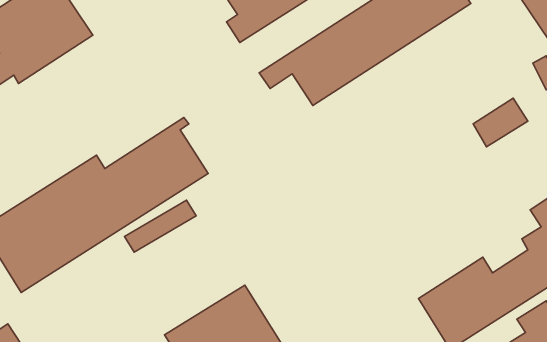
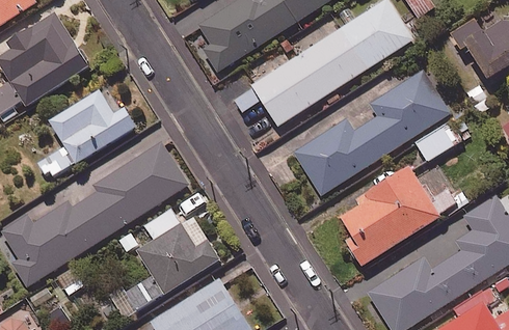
building: none -> [294,68,451,194]
building: none -> [36,89,136,175]
building: none -> [341,168,458,267]
building: none -> [111,217,220,318]

